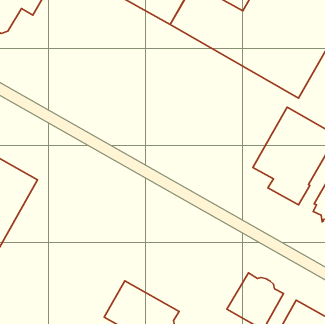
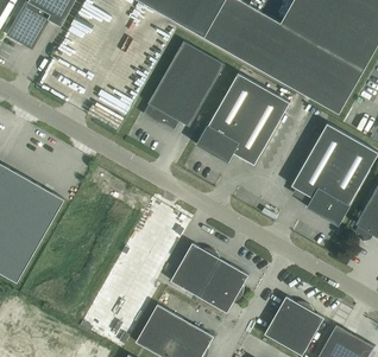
building: none -> [141,42,223,132]
building: none -> [195,74,289,165]
building: none -> [169,243,247,313]

